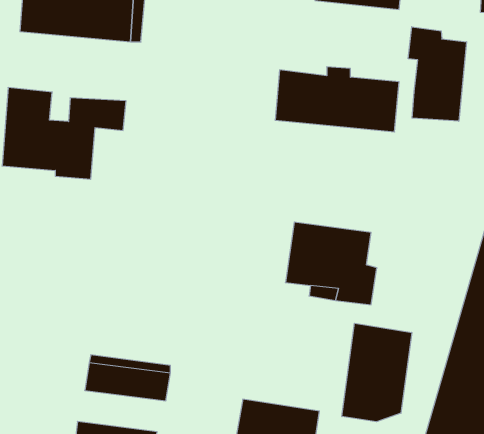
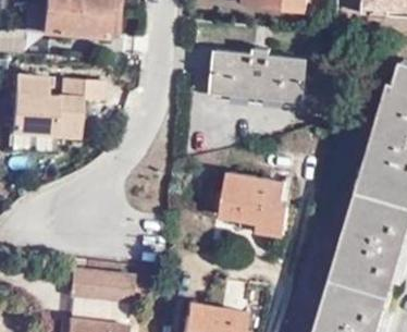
building: [408,27,467,121] -> none
building: [342,323,412,422] -> none

